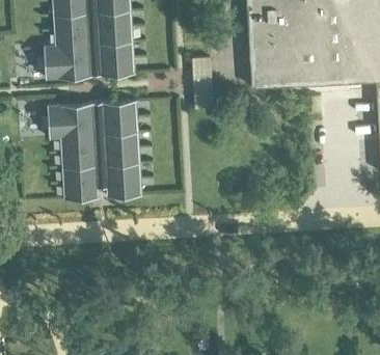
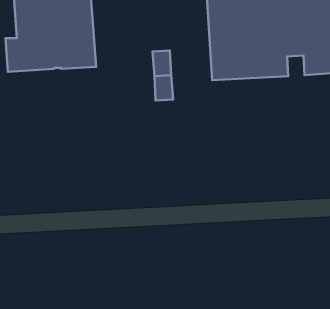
building: [47,99,142,198] -> none

